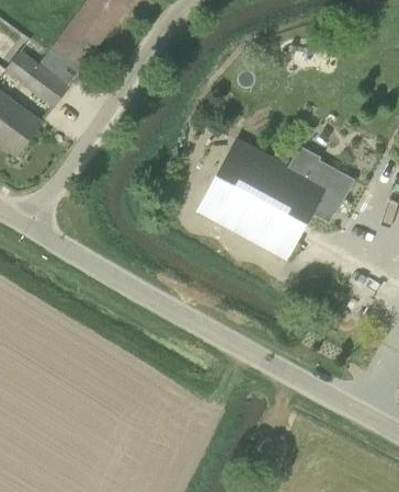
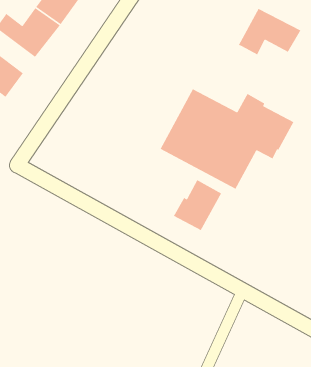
building: none -> [238,8,301,56]
building: none -> [173,177,222,231]

